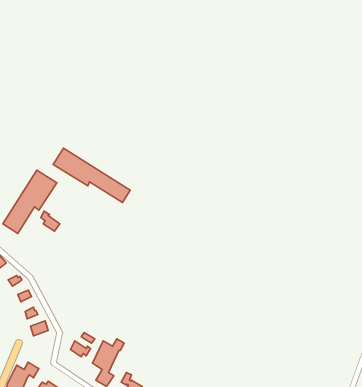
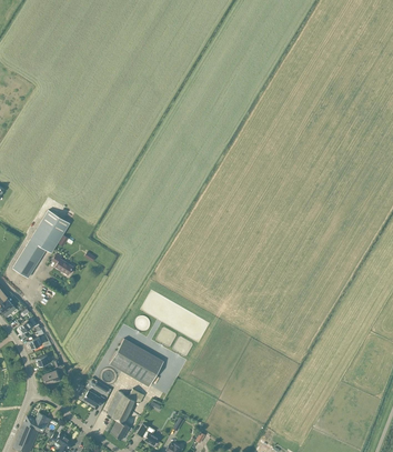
building: [53,148,130,203] -> none
building: none -> [110,338,163,384]

